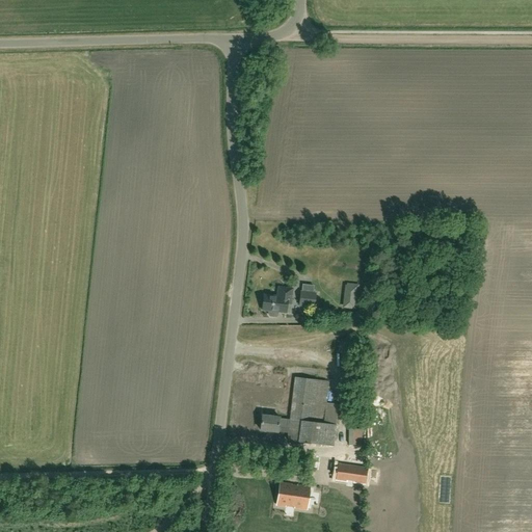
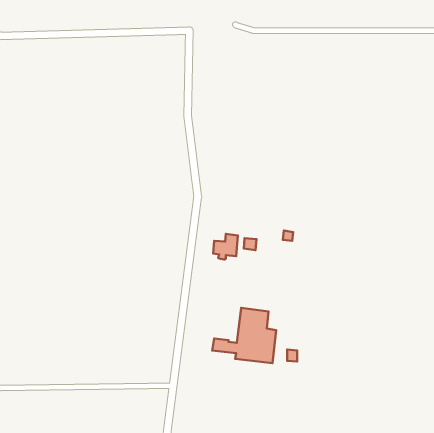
building: [336,462,367,482] -> none
building: [276,481,310,508] -> none

